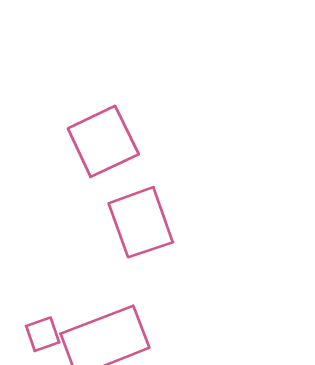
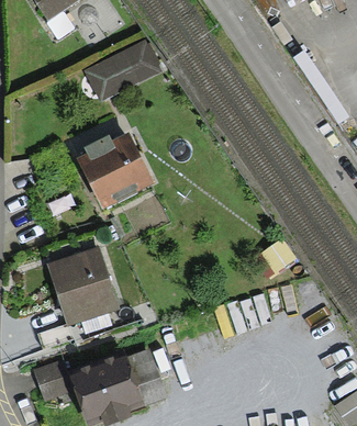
building: none -> [87,44,149,93]
building: [109,187,173,257] -> [51,247,116,318]

